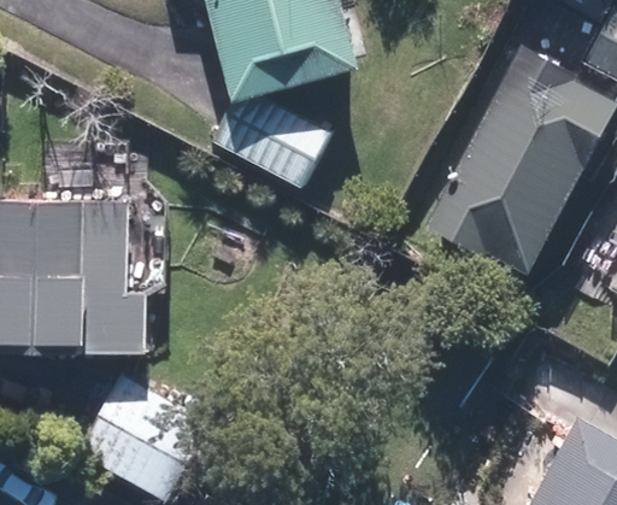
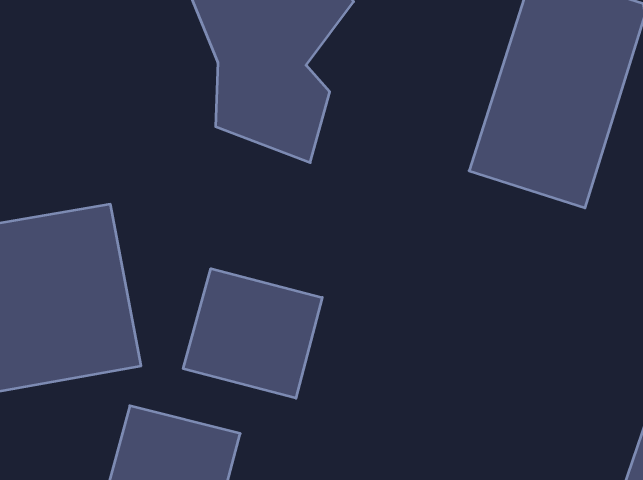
building: none -> [183,269,322,398]

